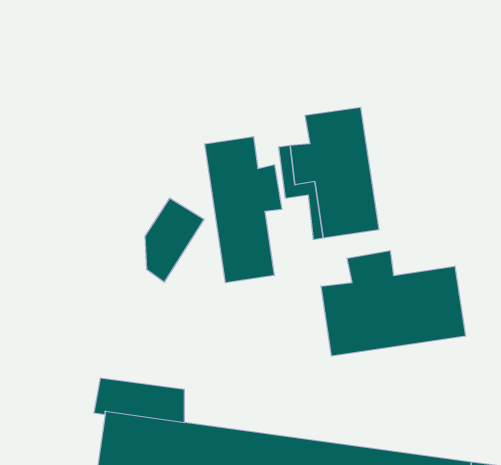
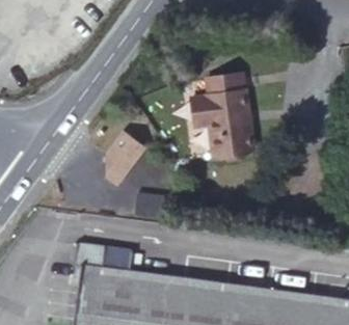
building: [205,136,282,283] -> none
building: [321,251,465,356] -> none

